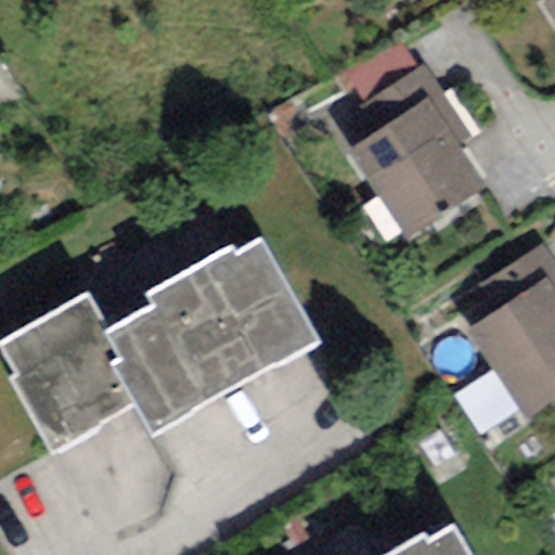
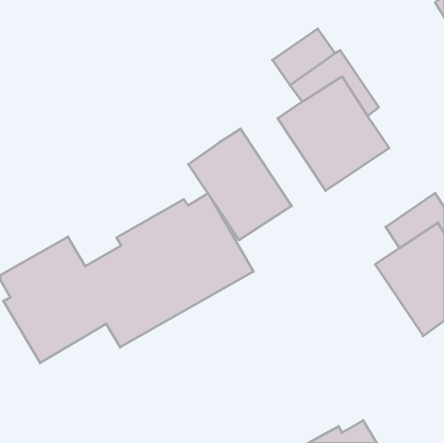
building: none -> [188,129,292,240]

